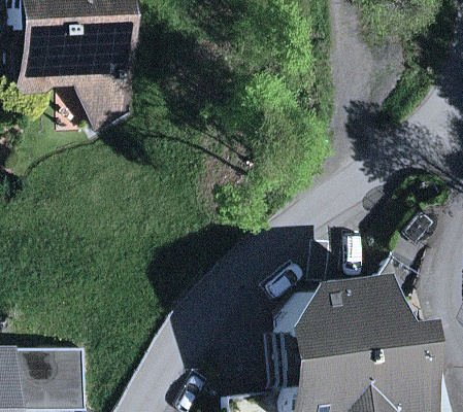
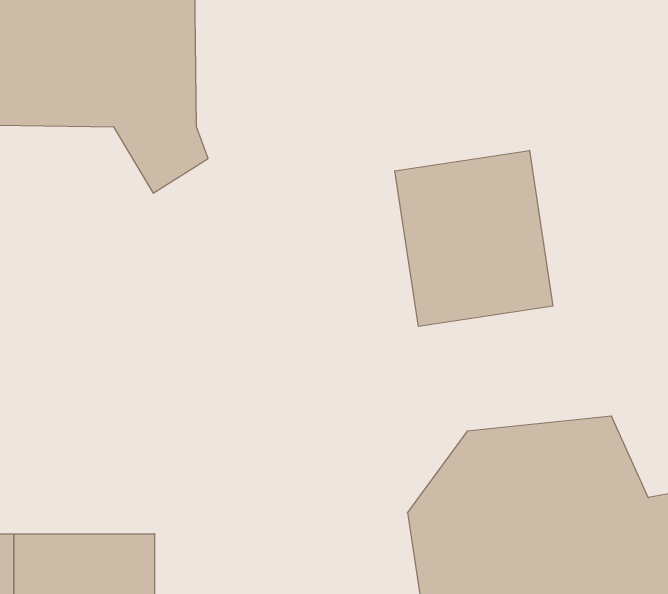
building: none -> [395,150,553,326]

